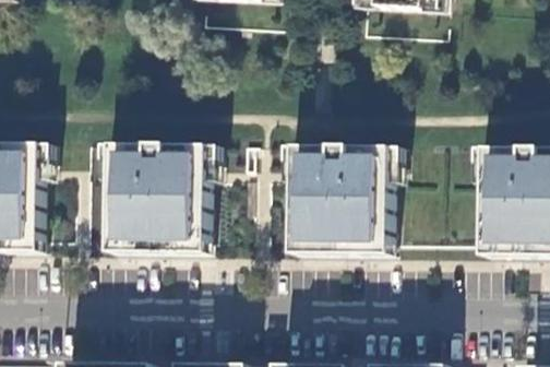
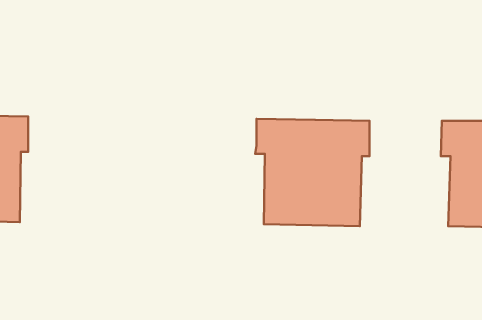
building: [98,145,215,256] -> none

